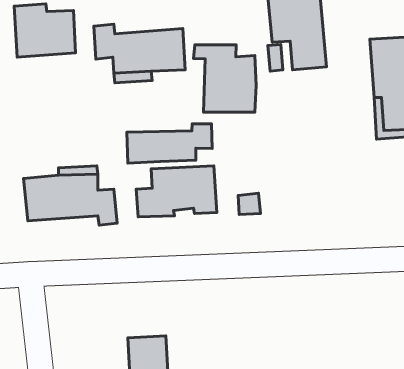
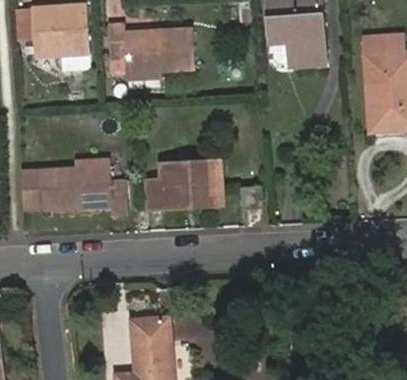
building: [194,45,256,112] -> none
building: [127,124,212,163] -> none

